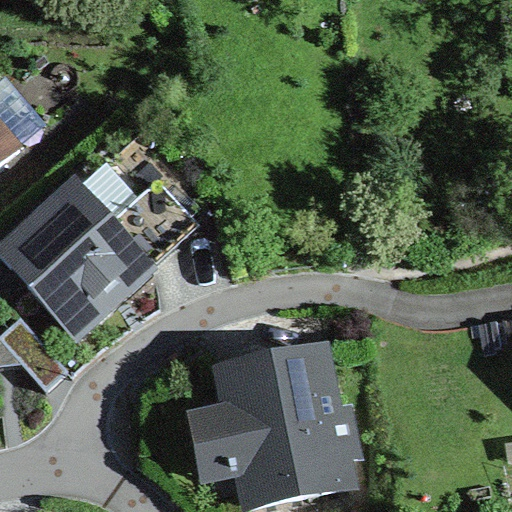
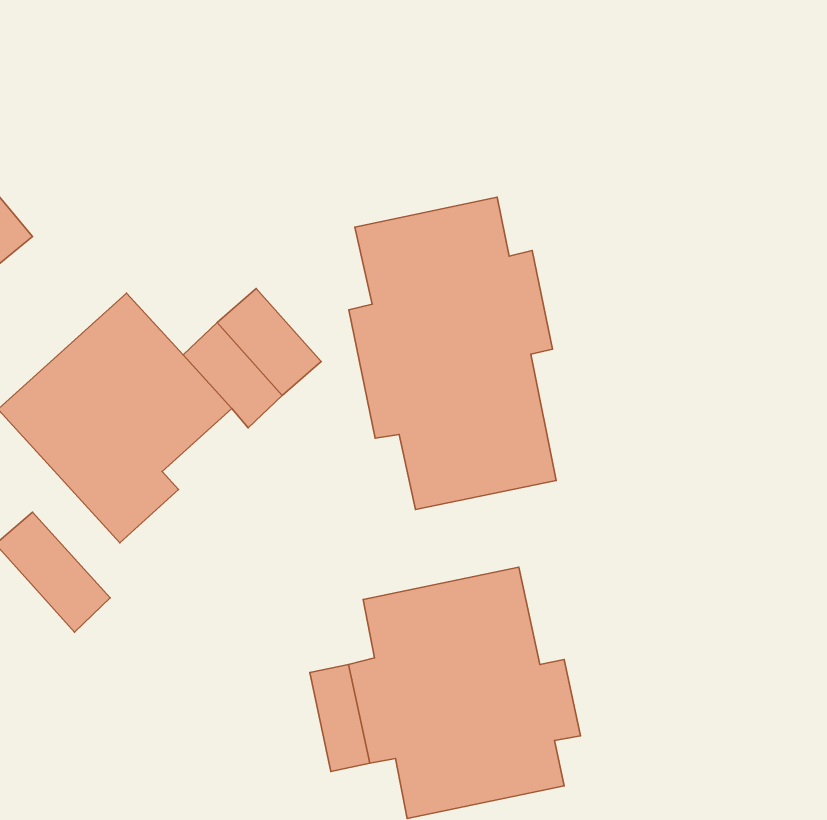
building: none -> [349,197,556,510]

